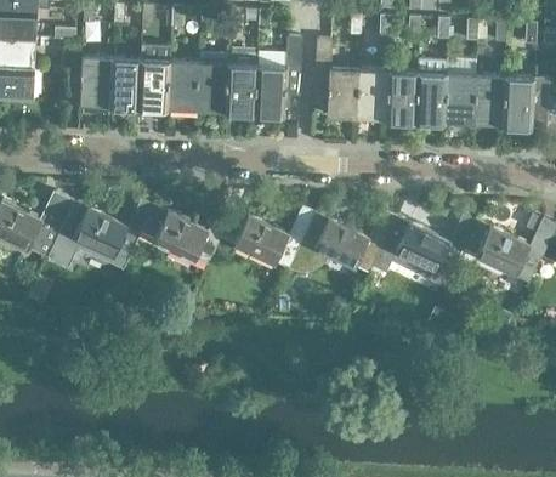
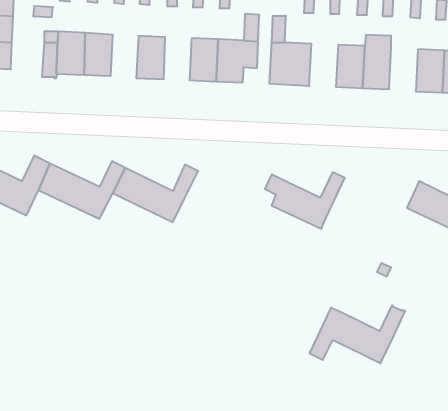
building: [138,63,169,110] -> none
building: [197,66,227,113] -> none
building: [356,73,387,120] -> none
building: [443,76,475,125] -> none
building: [220,209,314,273] -> none
building: [371,217,476,280] -> [310,306,405,363]

